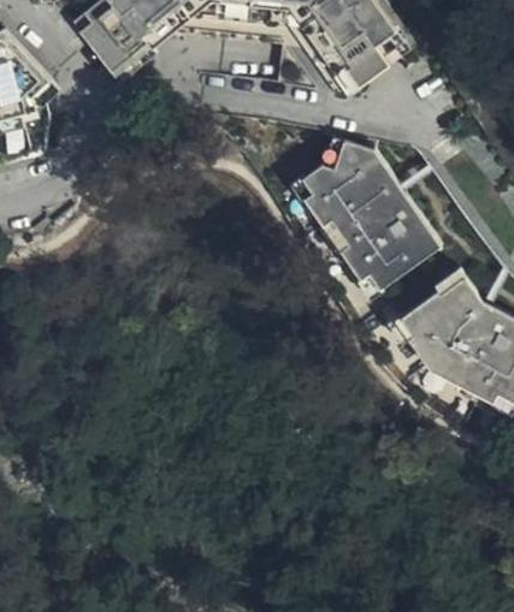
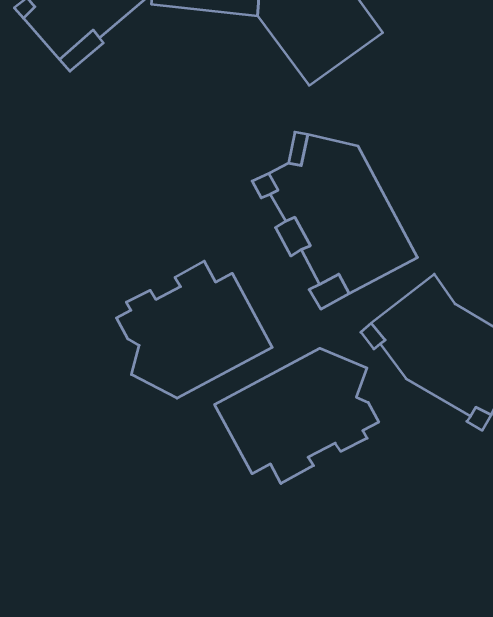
building: none -> [116,261,272,398]
building: none -> [215,348,379,484]

